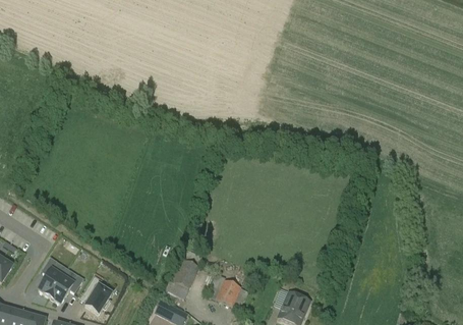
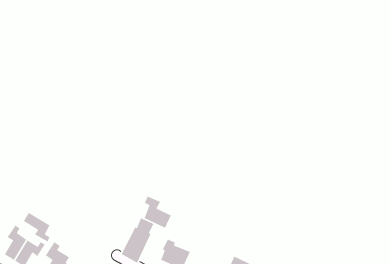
building: none -> [143,196,172,229]
building: none -> [23,212,51,243]

